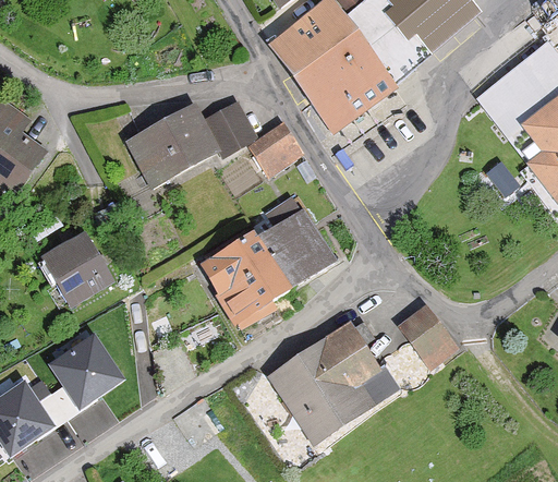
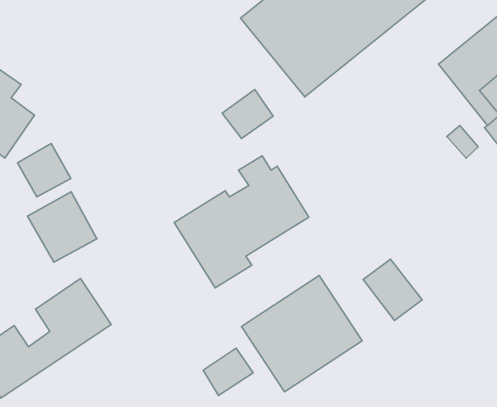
building: [126,101,258,192] -> none
building: none -> [18,143,71,197]
building: none -> [203,348,253,395]

